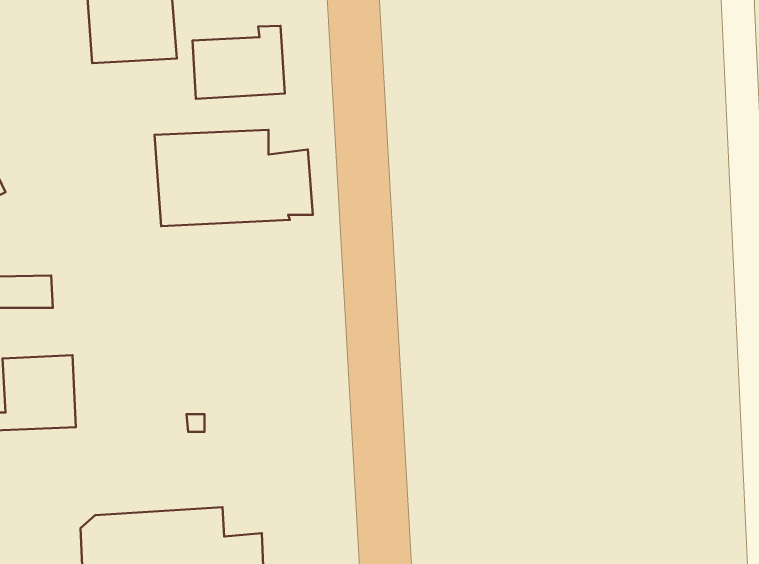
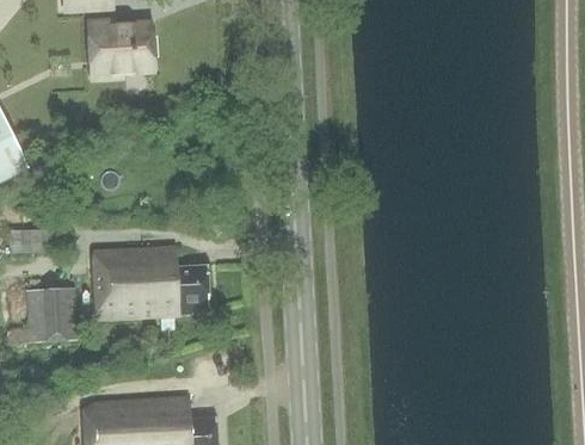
building: [192,26,285,99] -> none
building: [154,130,313,226] -> [92,247,208,317]

